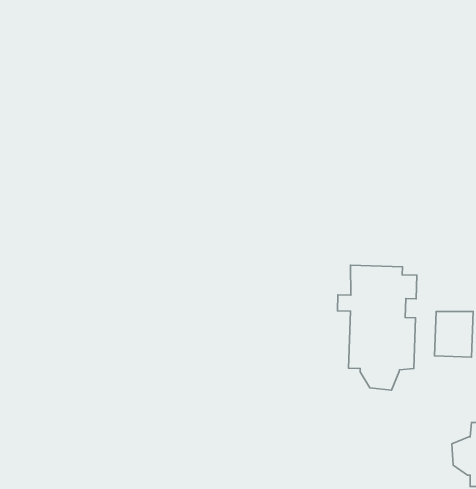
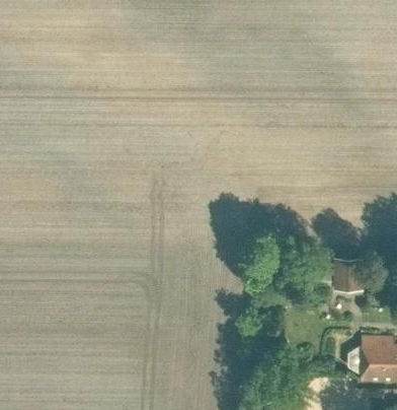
building: [337,265,417,390] -> none

